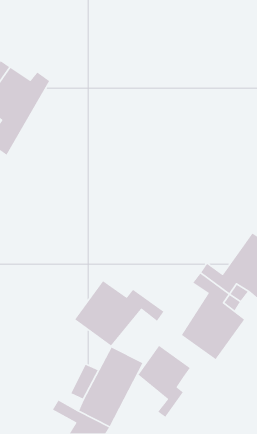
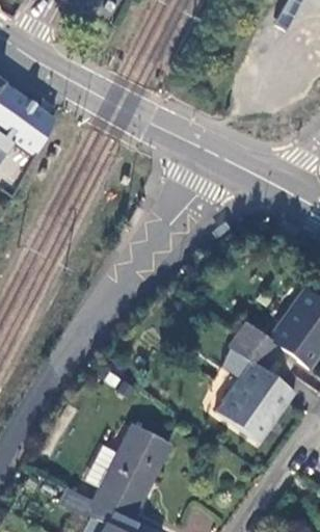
building: [74,280,164,346] -> none
building: [137,345,191,418] -> none

